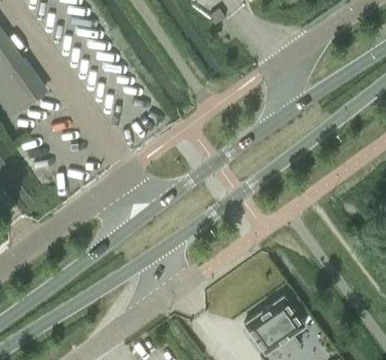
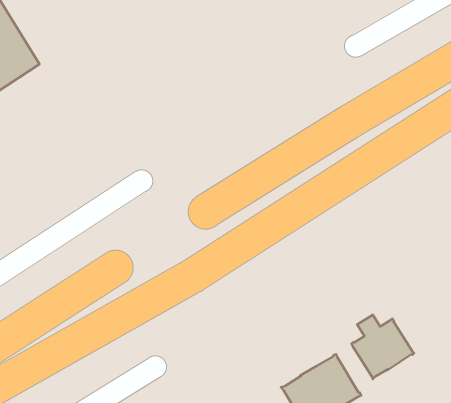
building: none -> [351,315,414,379]

